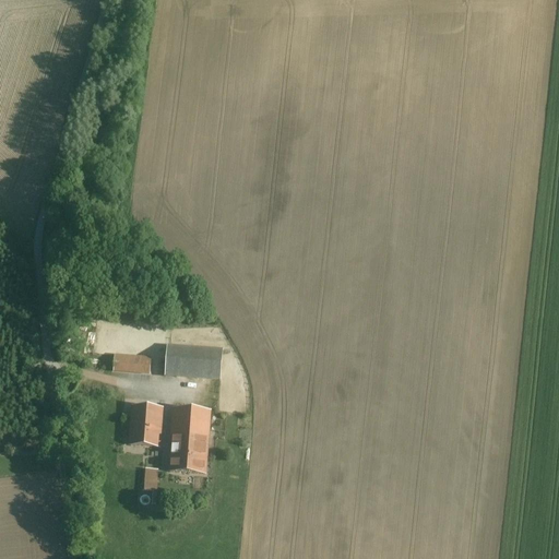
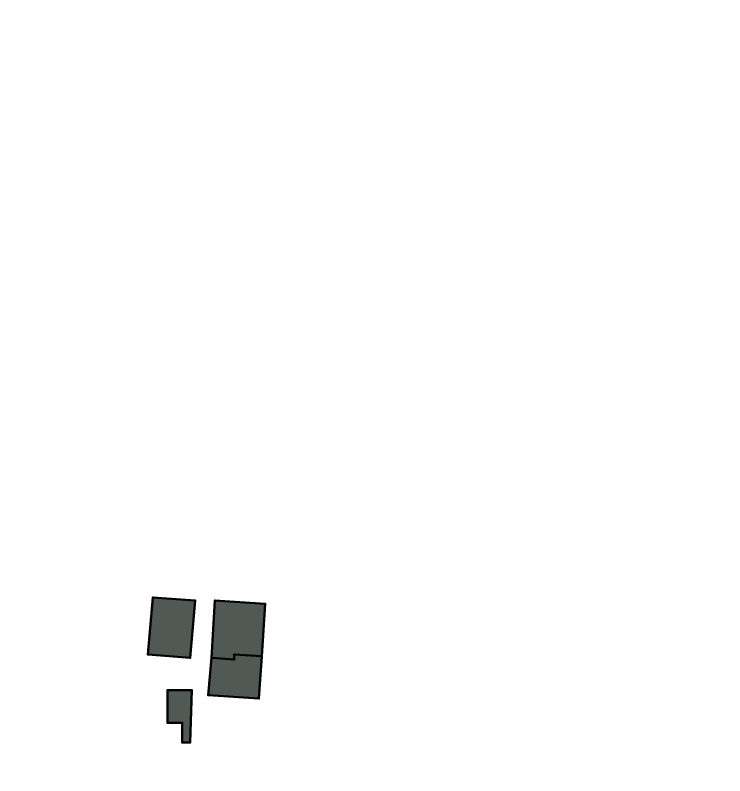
building: [165,345,222,378] -> none
building: [111,352,148,371] -> none

